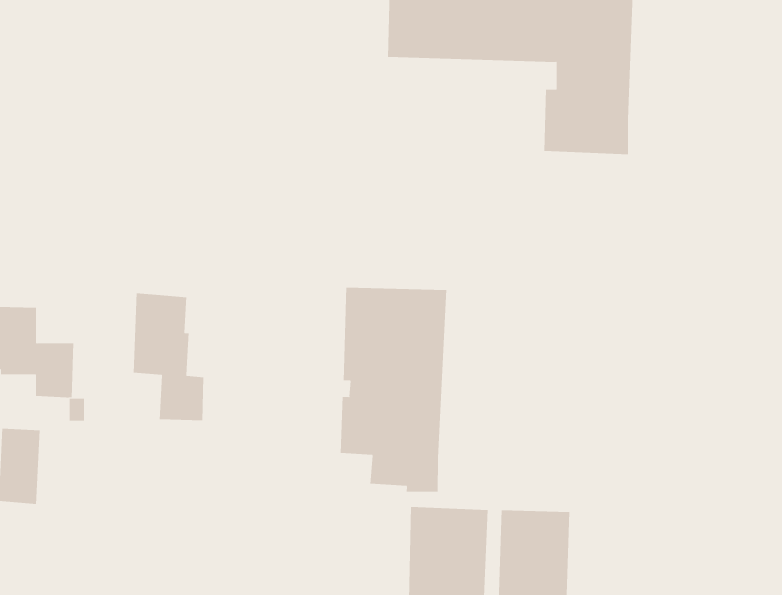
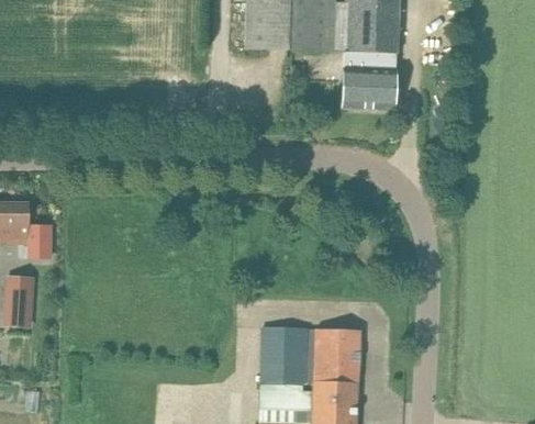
building: [340,287,447,492] -> none
building: [133,293,204,421] -> none

